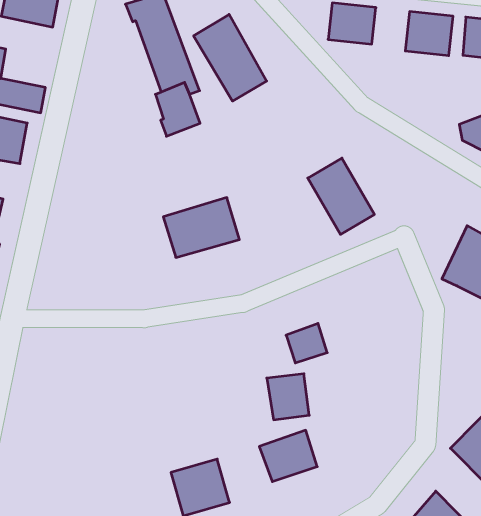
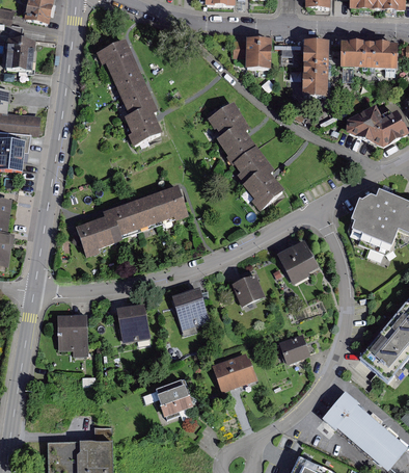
building: [194,14,267,101] -> [204,103,261,166]
building: none -> [300,68,333,98]
building: none -> [75,203,144,255]
building: none -> [276,239,317,280]
building: none -> [114,306,146,340]
building: none -> [54,314,87,352]
building: [267,374,309,420] -> [170,291,203,326]
building: none -> [282,334,312,365]

